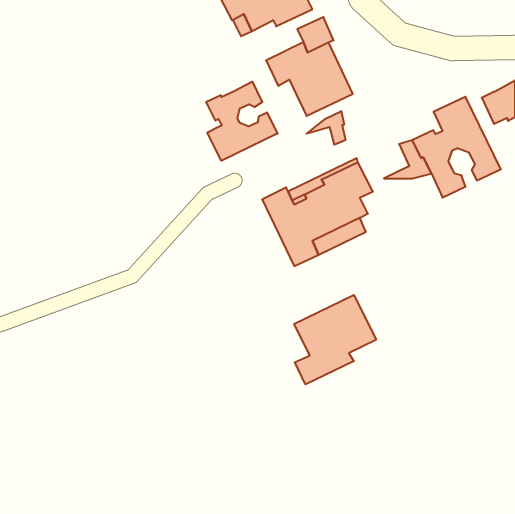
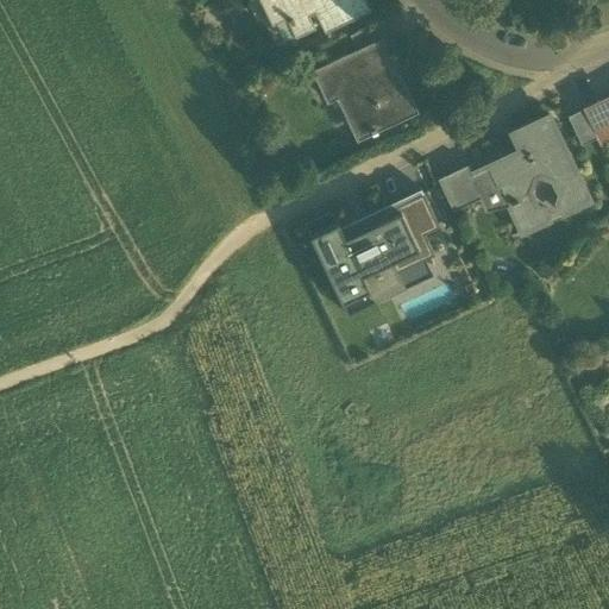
building: [206,82,278,161] -> none
building: [307,111,345,145] -> none
building: none -> [438,164,483,211]
building: [294,295,376,384] -> none

